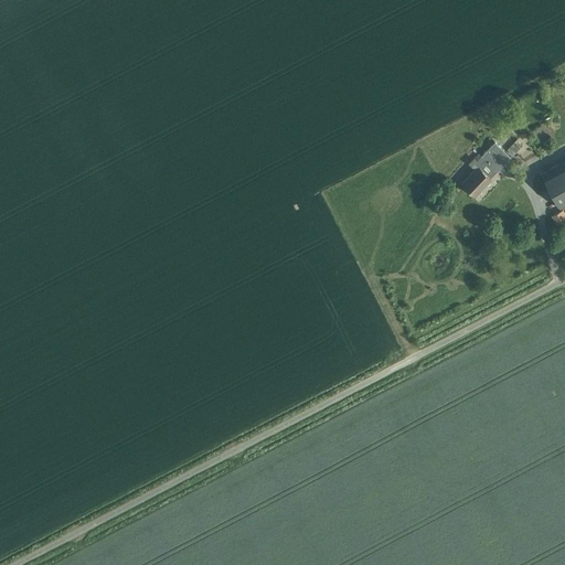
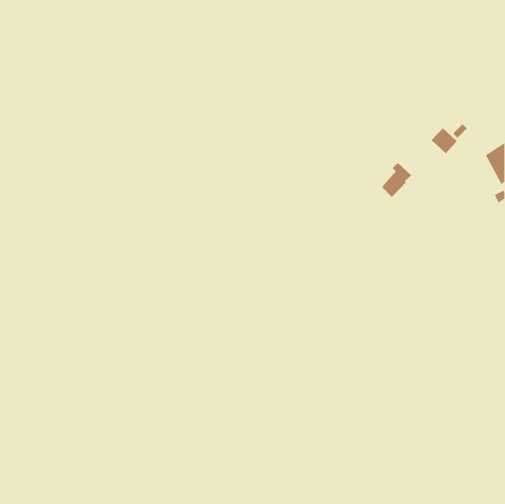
building: [462,158,497,198] -> [381,162,412,198]

